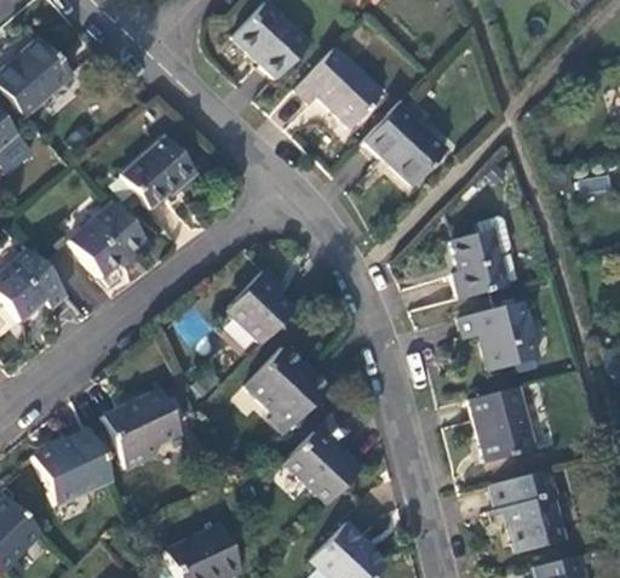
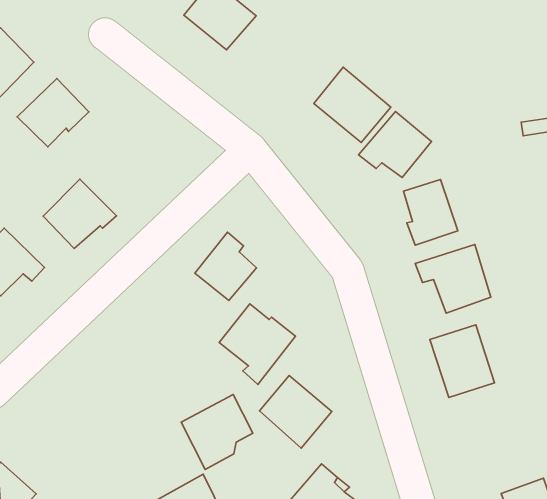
building: [295,47,384,127] -> none
building: [120,137,196,208] -> [17,79,89,147]
building: none -> [358,111,431,178]
building: [104,390,179,468] -> [181,394,253,470]
building: [34,429,111,505] -> none
building: [492,468,564,551] -> none

